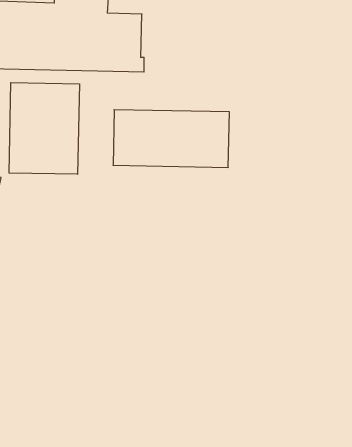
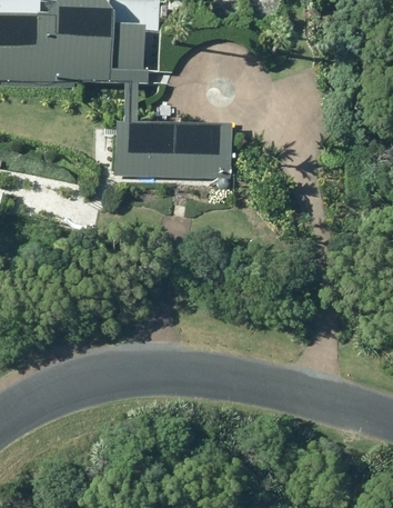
building: [9,83,79,174] -> none

